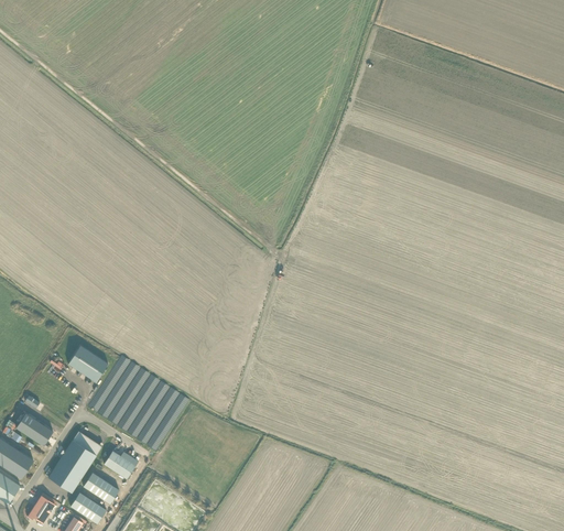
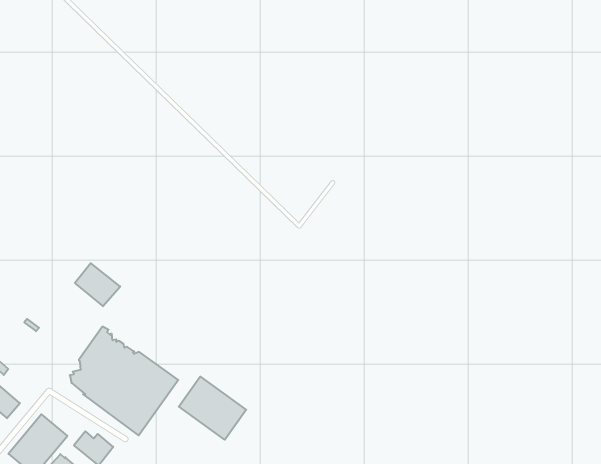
building: [68,345,108,381] -> [75,263,120,306]
building: none -> [179,377,246,440]

